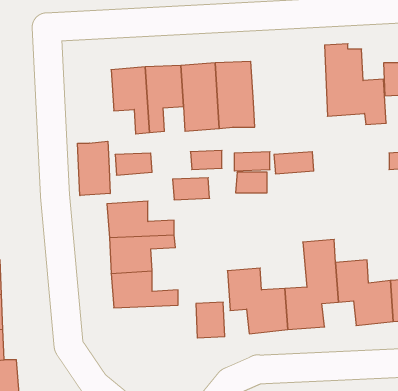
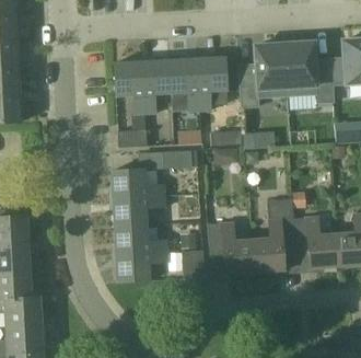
building: none -> [240,44,287,112]
building: [78,141,110,196] -> none
building: none -> [116,252,168,282]

